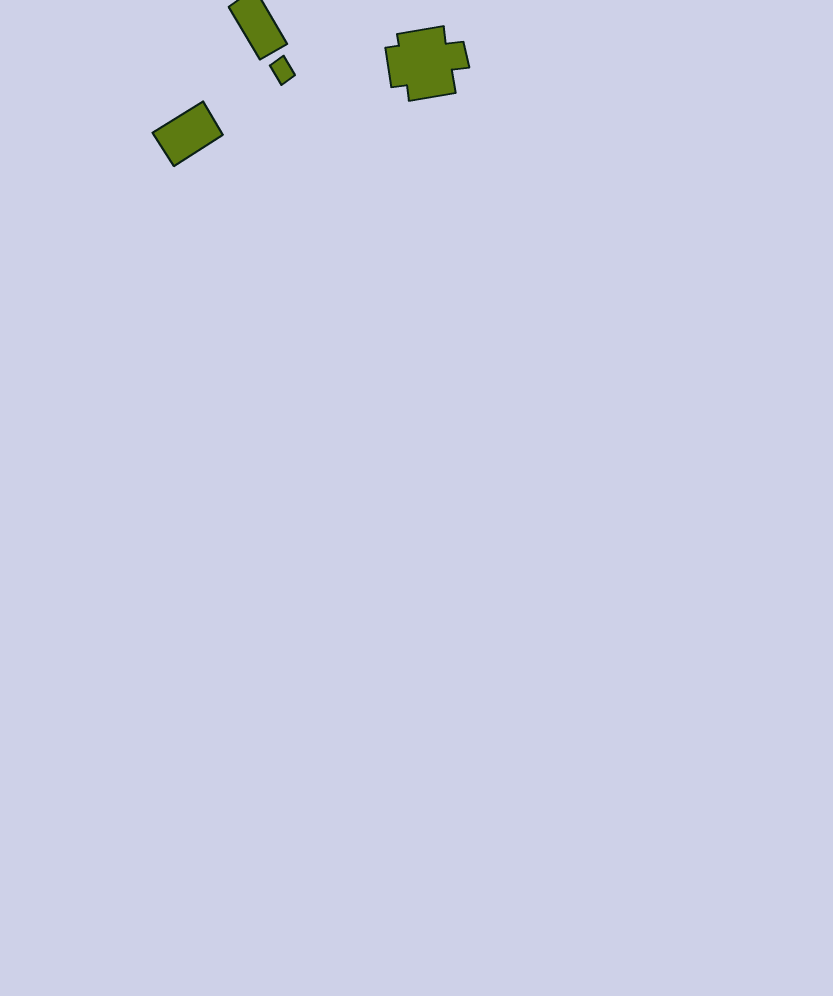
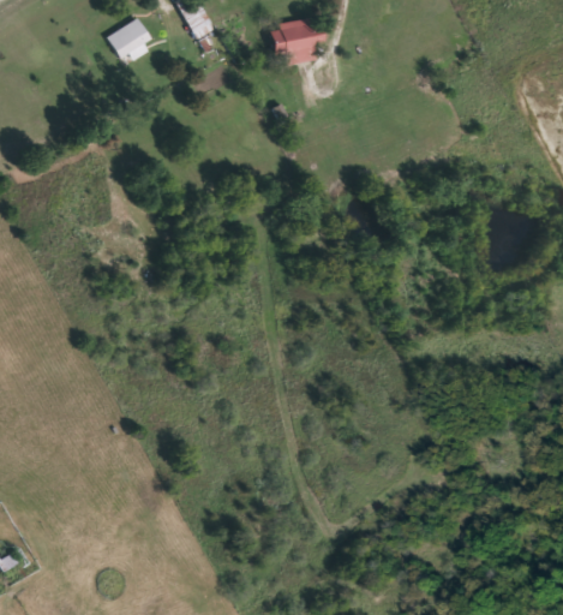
building: [152,101,223,166] -> [107,18,150,58]

